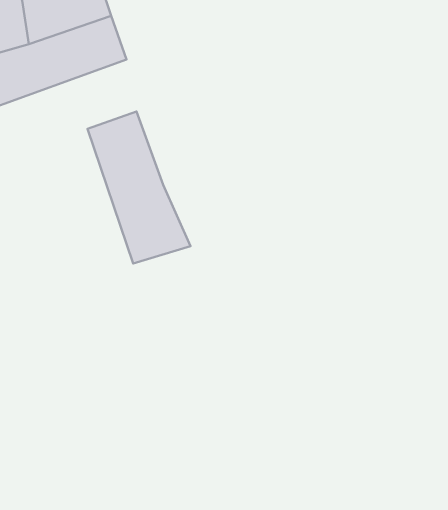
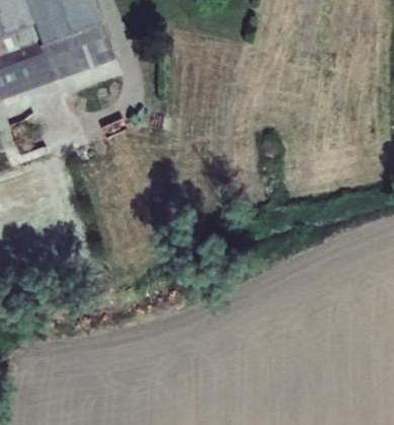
building: [87,112,190,264] -> none

